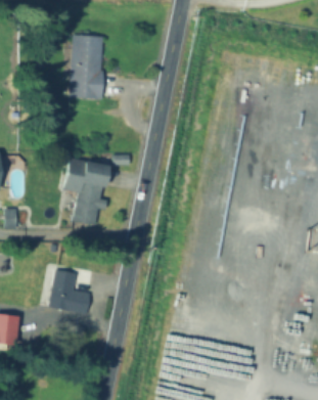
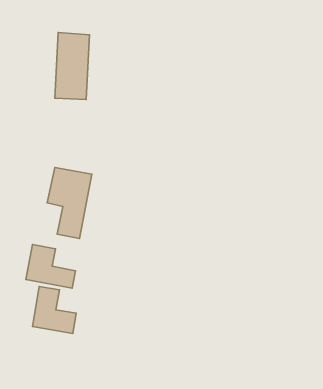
building: none -> [26,244,75,288]

